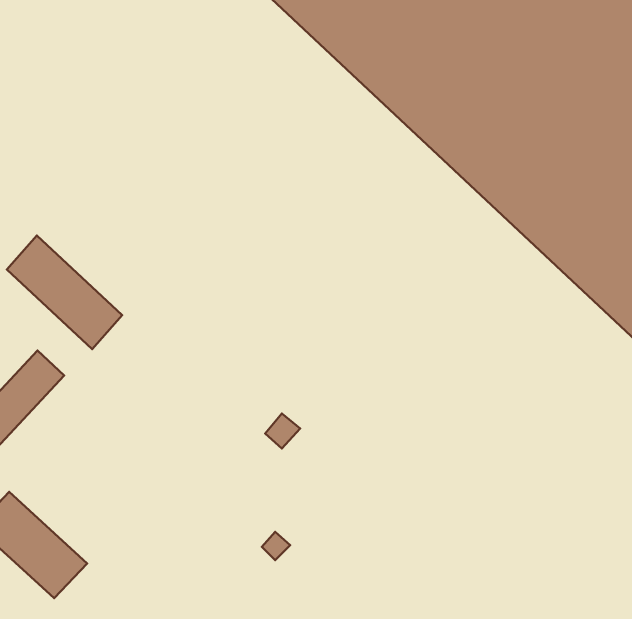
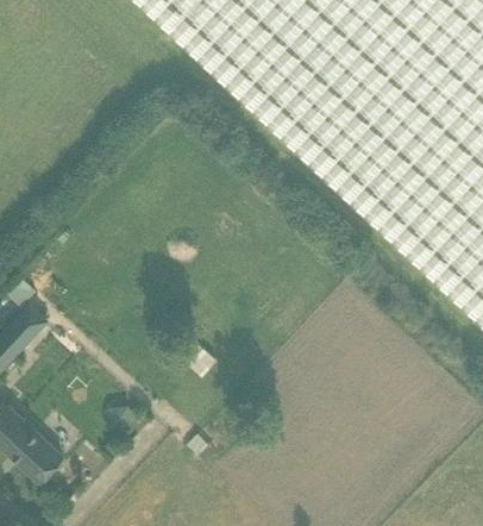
building: [7,236,122,349] -> none

